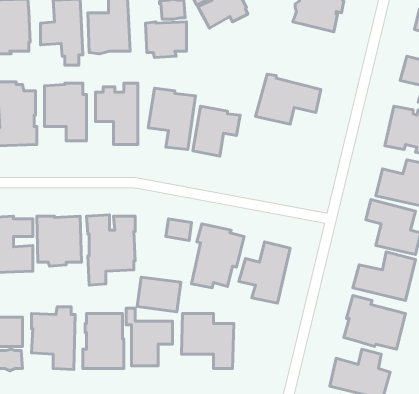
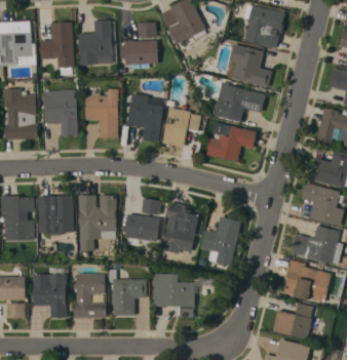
building: none -> [229,44,272,87]
building: none -> [202,120,257,162]
building: [137,277,181,312] -> [124,214,159,242]

